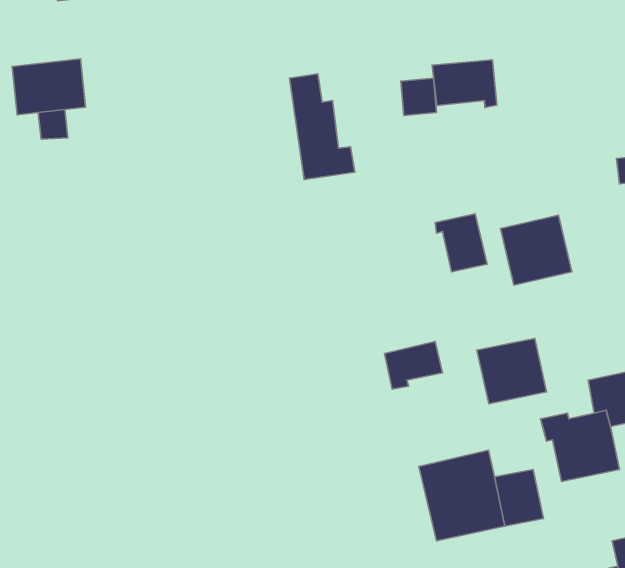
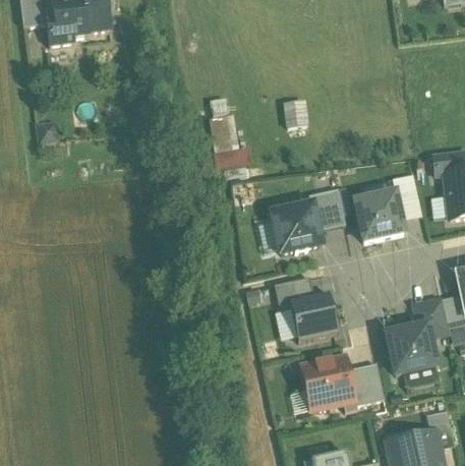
building: [12,59,85,115] -> none
building: [432,60,497,107] -> none
building: none -> [269,202,323,257]
building: [477,338,547,404] -> [289,296,337,341]

